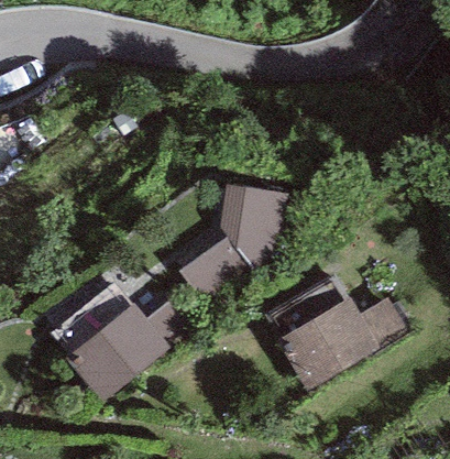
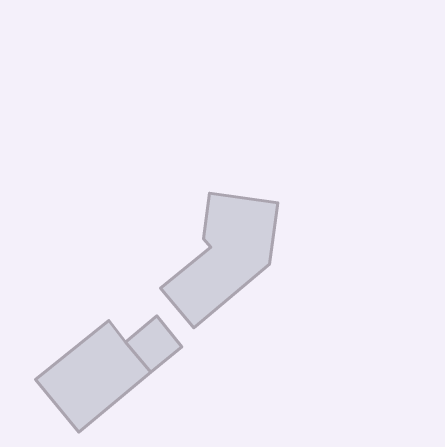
building: [276,294,405,389] -> none

